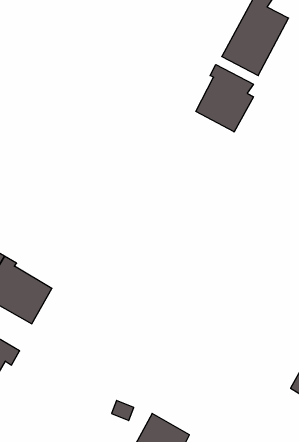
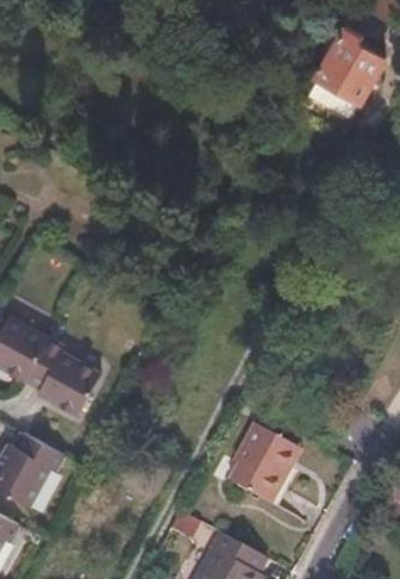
building: [196,65,253,132] -> none
building: none -> [231,418,302,498]

